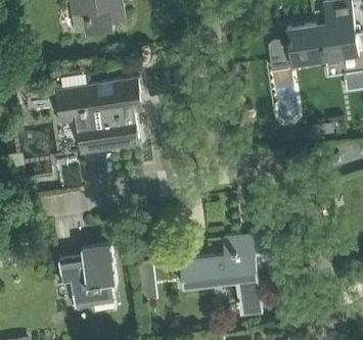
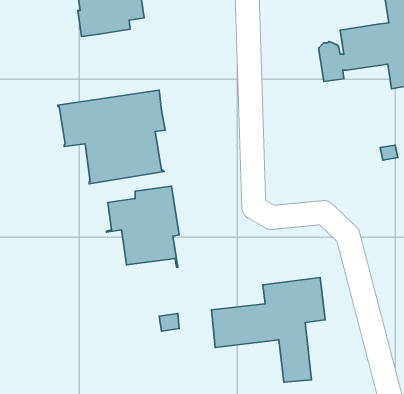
building: [56,245,116,311] -> [107,186,179,267]

